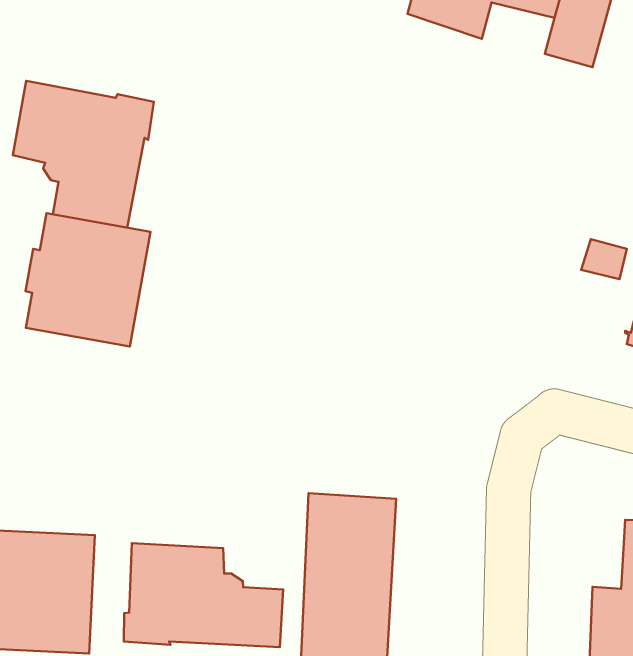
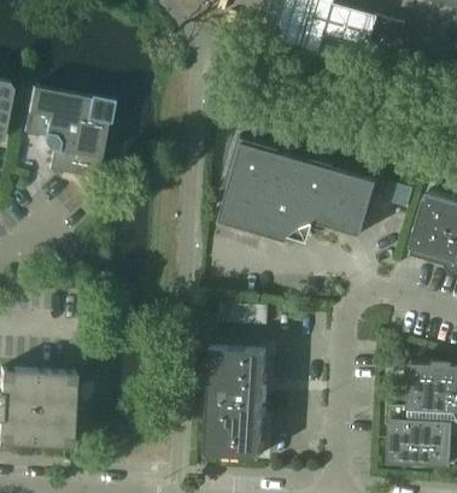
building: none -> [219,137,377,241]
building: [26,213,150,347] -> none
building: [124,543,283,647] -> none

